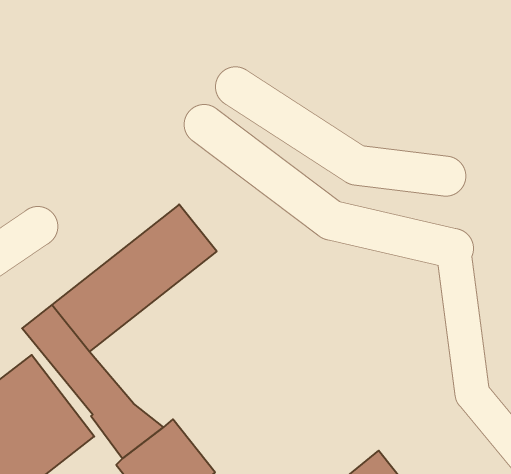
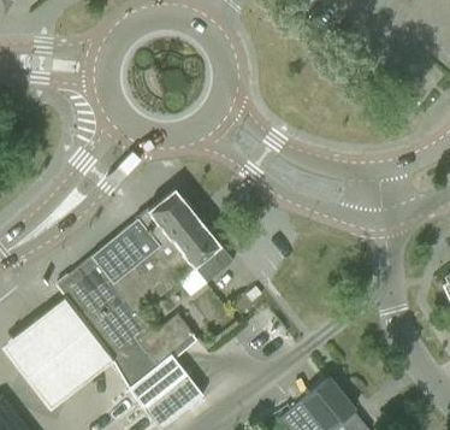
building: none -> [107,224,233,359]

